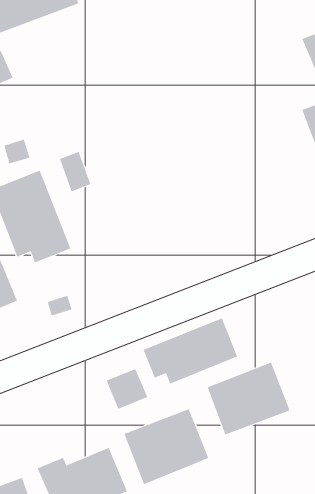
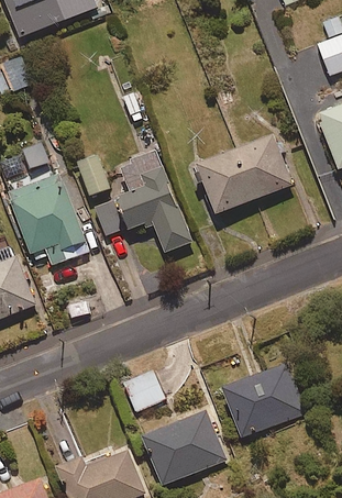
building: none -> [196,134,293,213]
building: none -> [90,150,191,251]
building: [143,317,238,385] -> none

